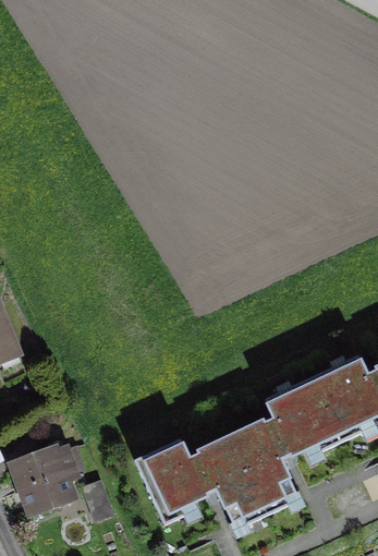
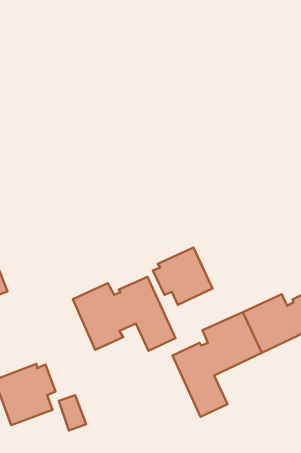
building: none -> [153,247,212,305]
building: [131,434,255,523] -> [73,277,176,351]

